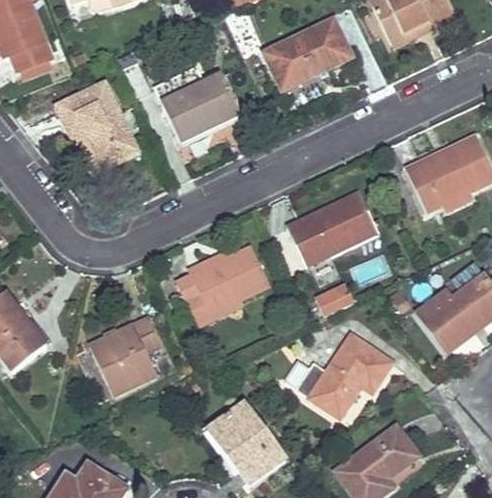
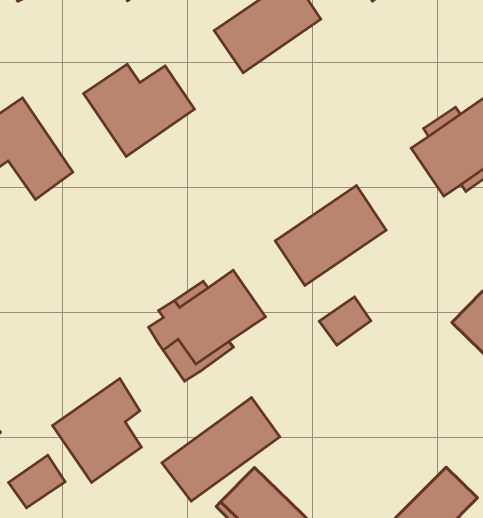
building: [285,334,392,417] -> none
building: none -> [162,397,280,501]
building: none -> [9,455,65,508]

